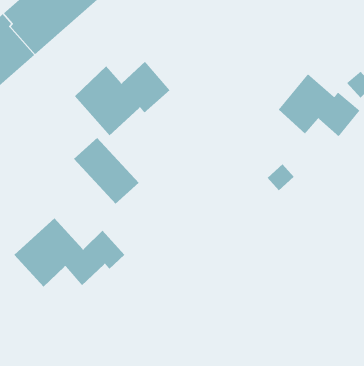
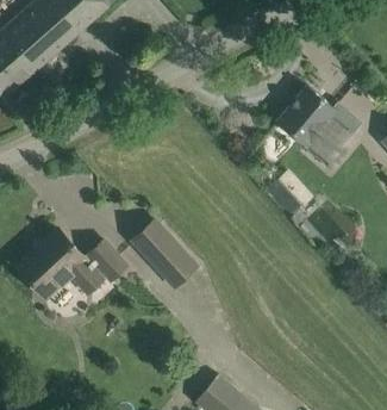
building: [74,61,171,136] -> none
building: [73,137,139,205] -> [131,220,196,287]

